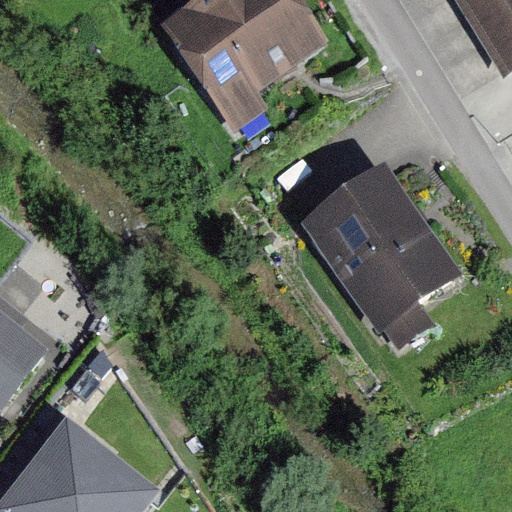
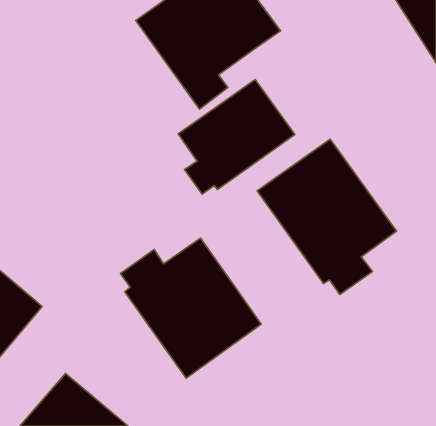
building: none -> [178,80,295,194]
building: none -> [120,238,261,378]

